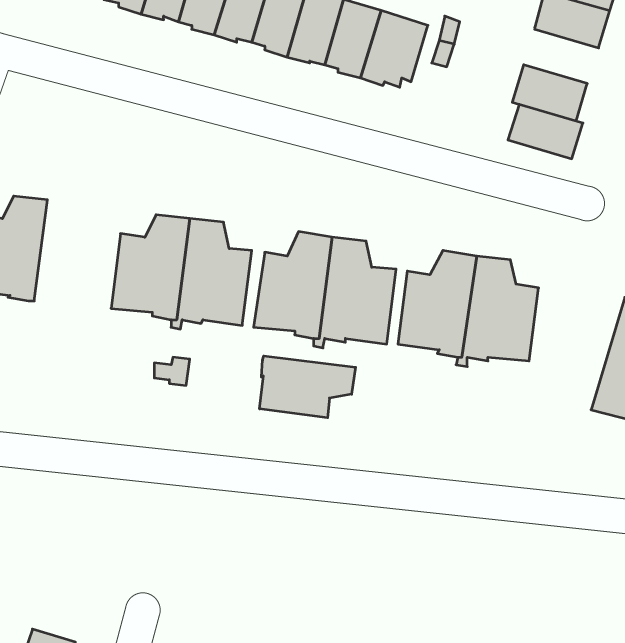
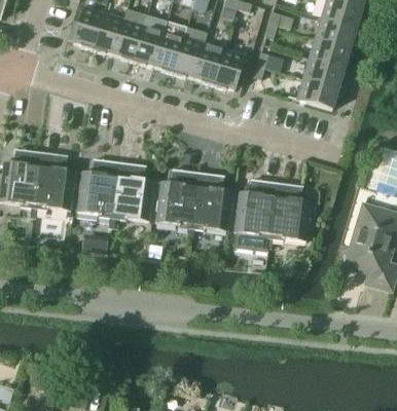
building: [508,104,583,159] -> [303,59,345,88]
building: none -> [31,152,76,213]
building: [260,356,356,418] -> none

